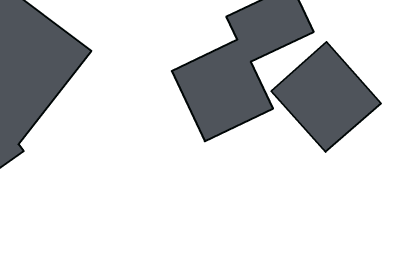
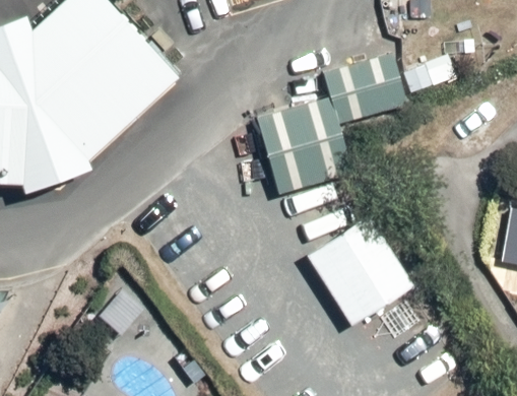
building: [271,42,381,152] -> [306,210,415,322]

